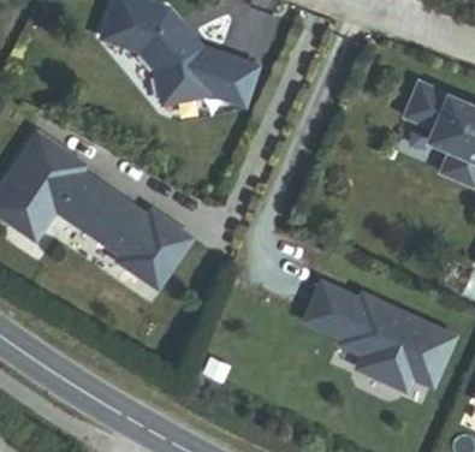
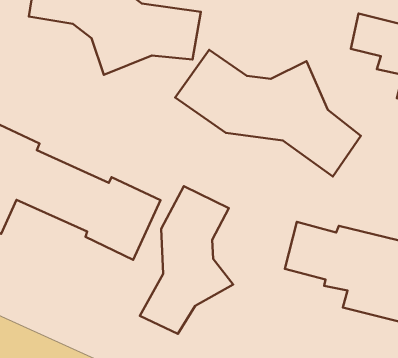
building: none -> [175,50,361,176]
building: none -> [140,186,233,334]

